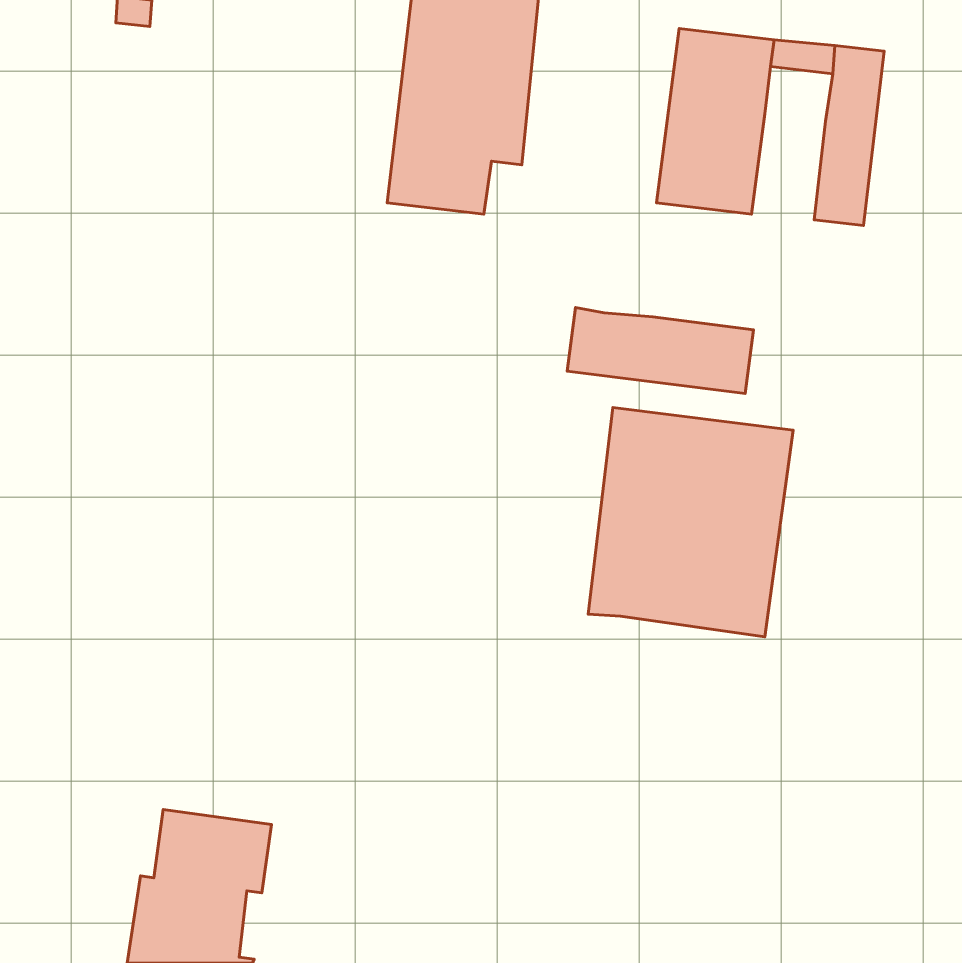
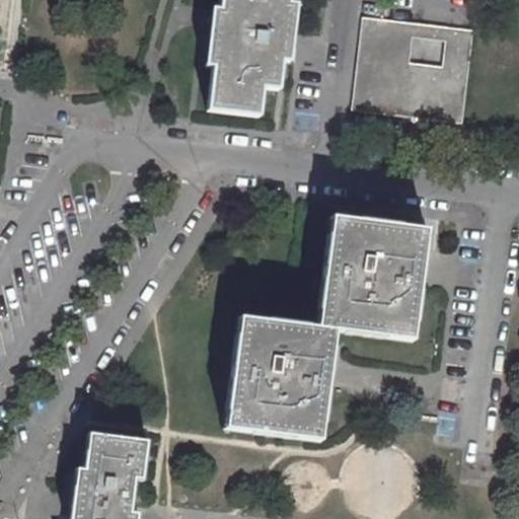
building: none -> [405,61,445,118]
building: [567,307,753,393] -> none
building: none -> [225,317,336,440]

